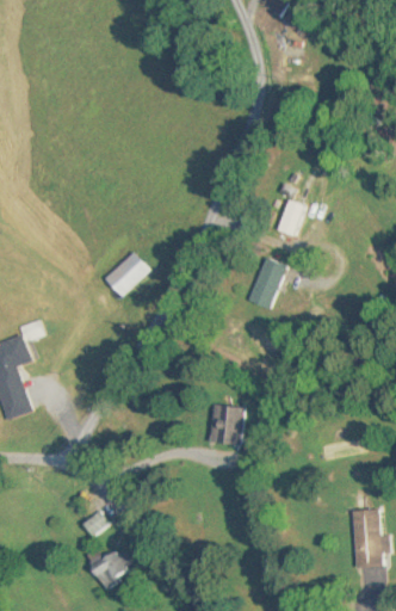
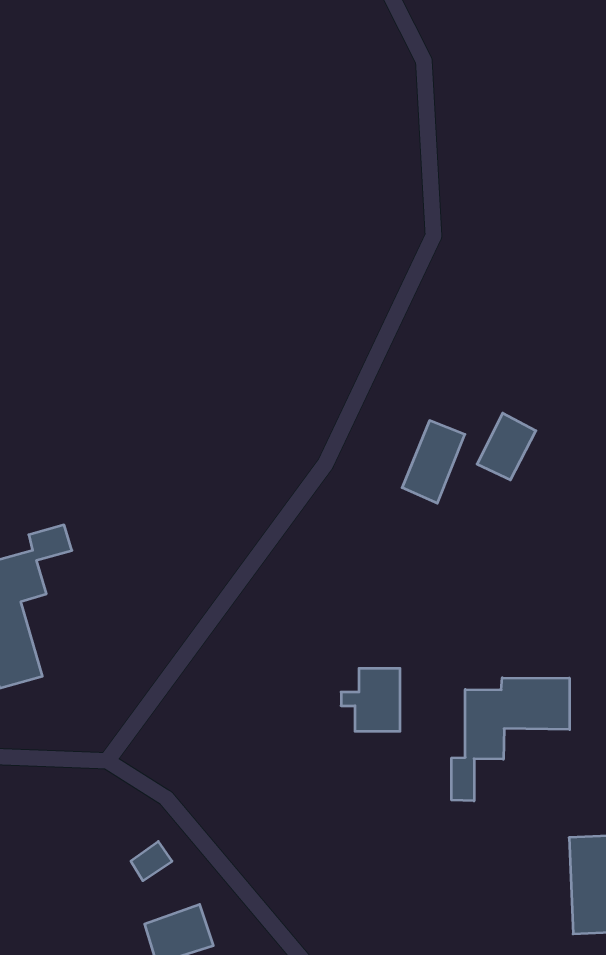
building: [274,197,310,237] -> [477,413,536,480]
building: [105,249,151,297] -> none
building: none -> [452,678,570,801]

